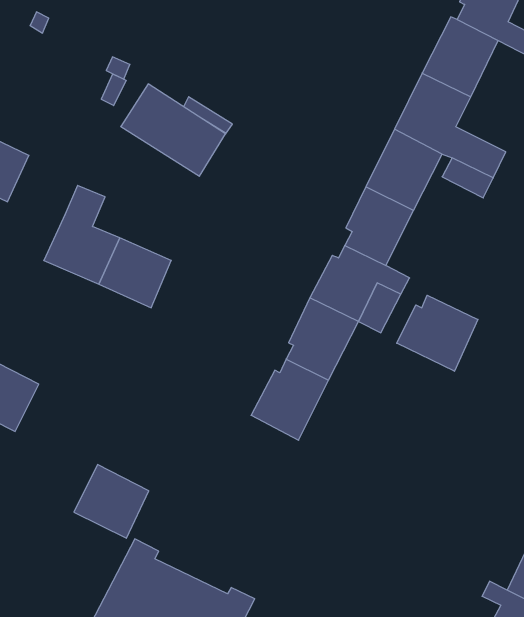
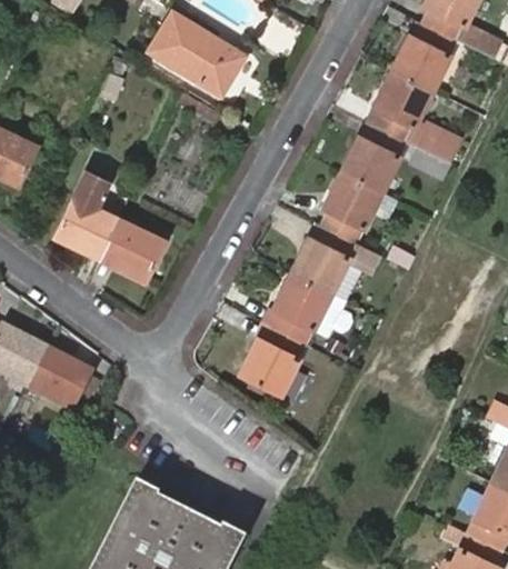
building: [121,84,226,176] -> [150,12,243,94]
building: [397,295,478,371] -> none
building: [74,465,149,538] -> [28,347,94,412]

